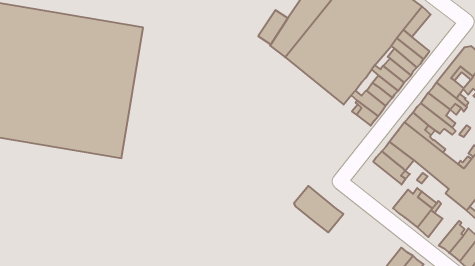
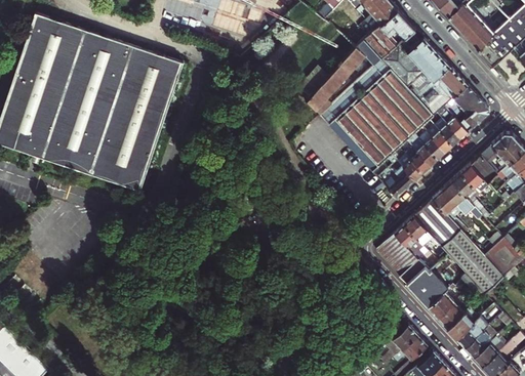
building: none -> [453,96,489,133]
building: [294,186,343,232] -> [376,236,425,286]
building: none -> [437,304,472,331]

